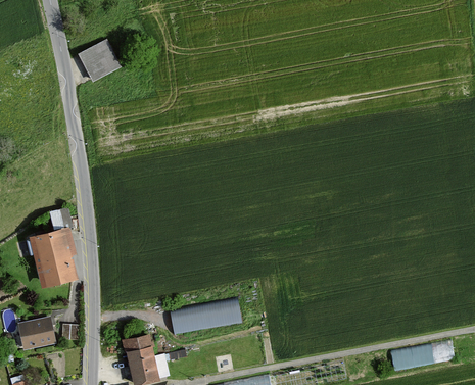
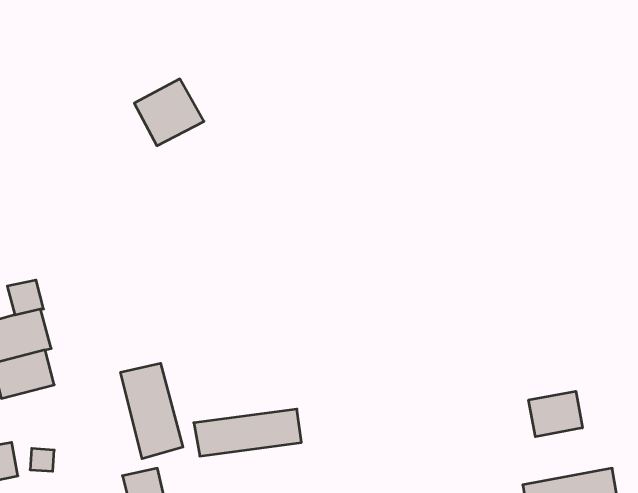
building: [77,39,124,84] -> [134,79,204,146]
building: none -> [121,363,183,459]
building: none -> [529,391,582,437]

